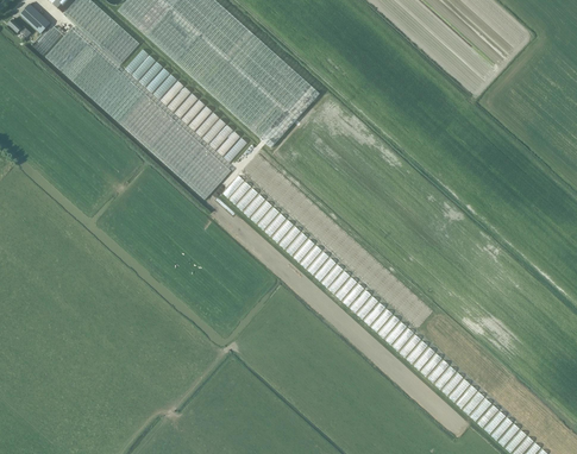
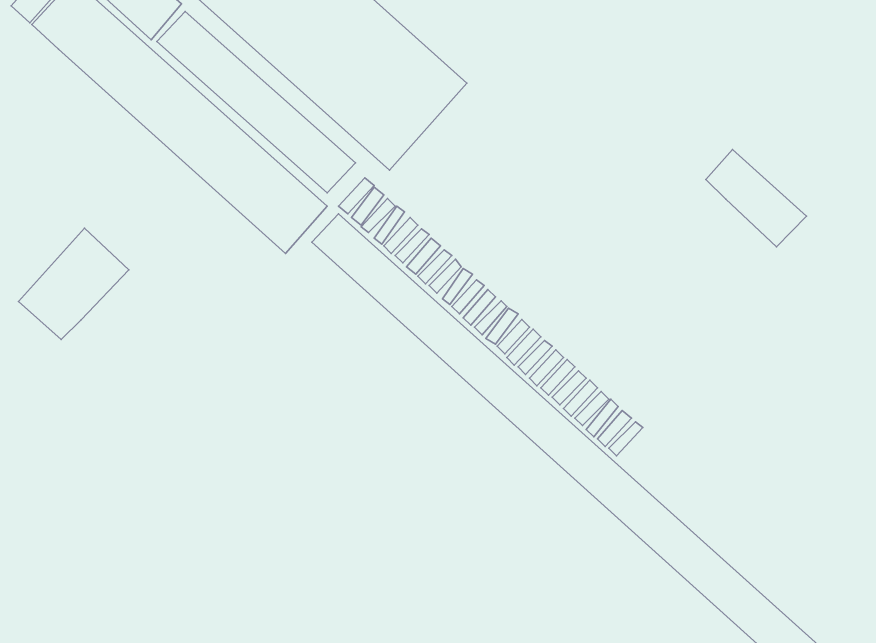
building: none -> [706,149,806,247]
building: none -> [19,228,129,339]

